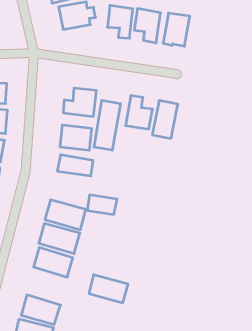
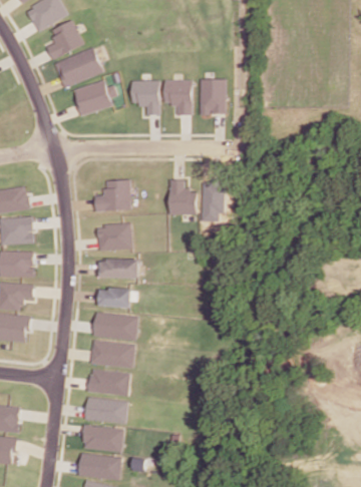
building: [94,100,121,150] -> none
building: [87,195,117,214] -> [99,289,131,307]
building: [89,275,128,303] -> [85,397,128,424]

